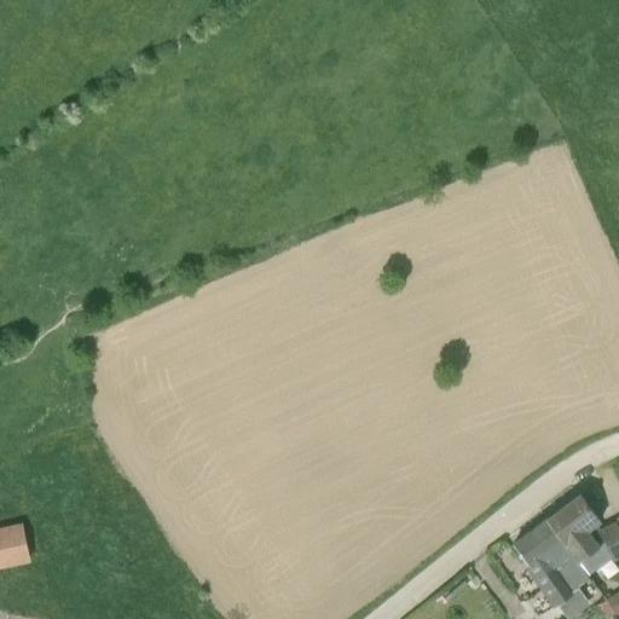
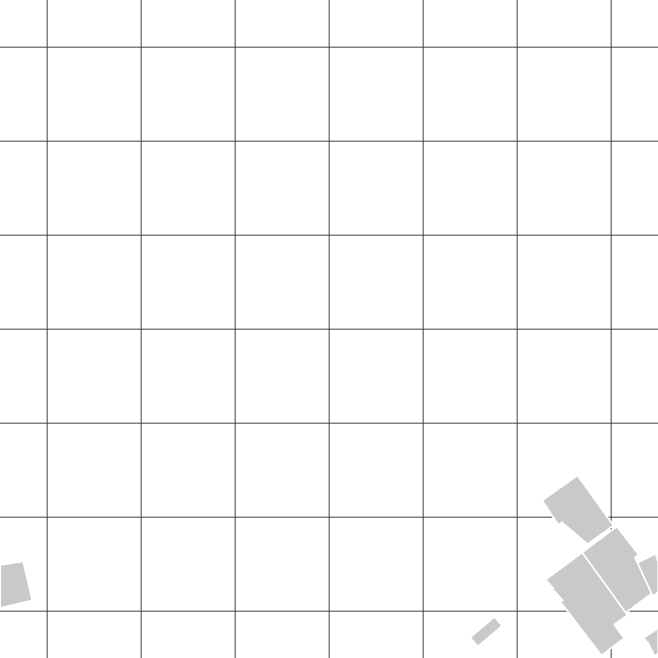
building: none -> [542,475,614,544]

